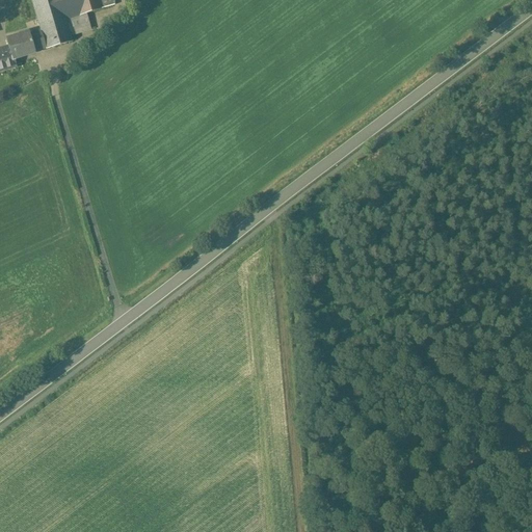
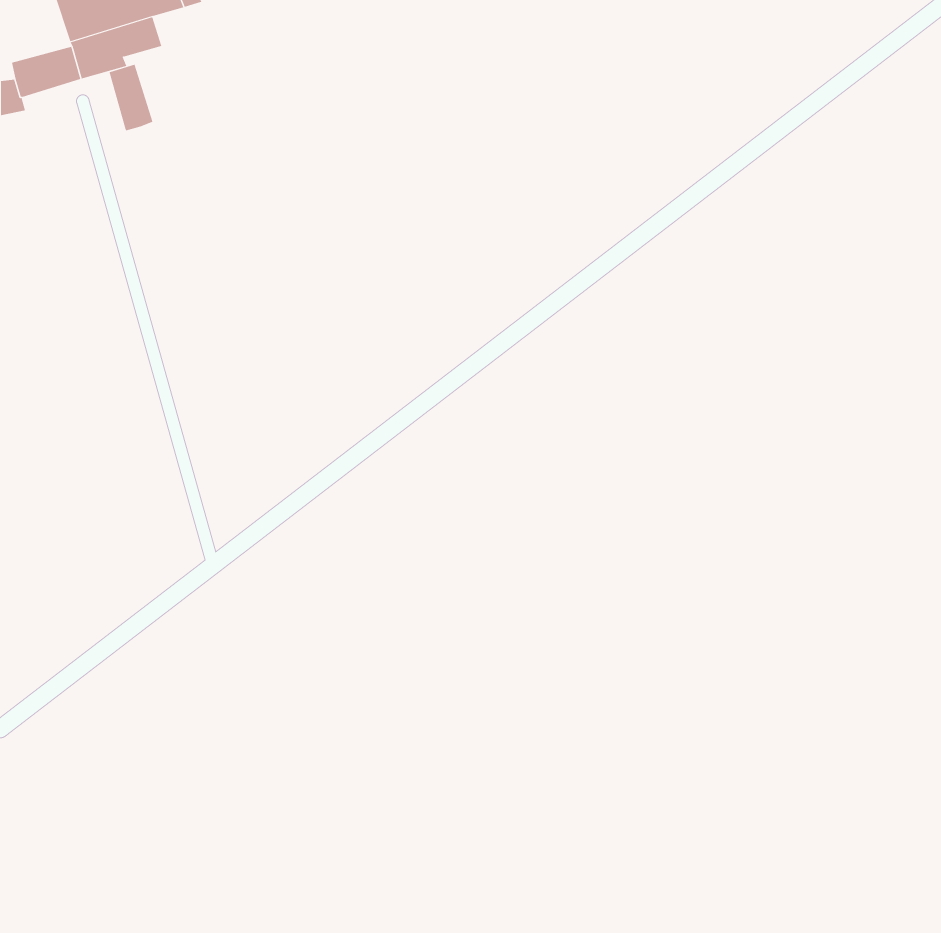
building: none -> [109,64,153,131]

